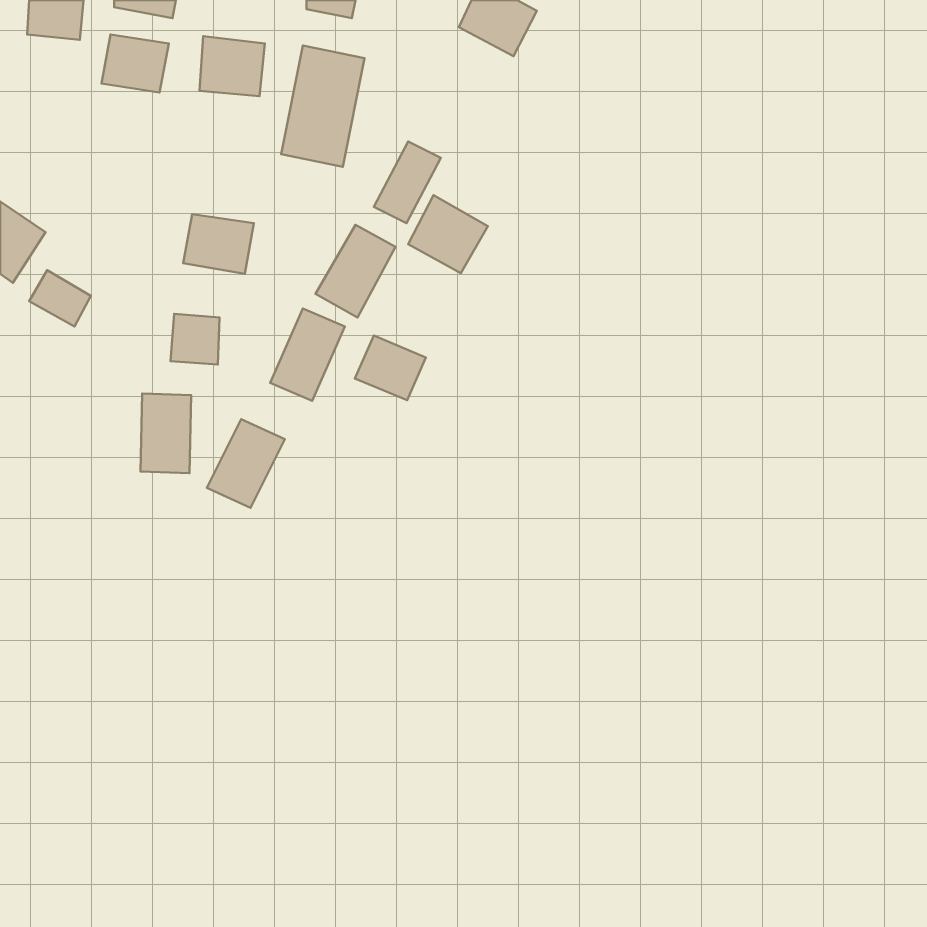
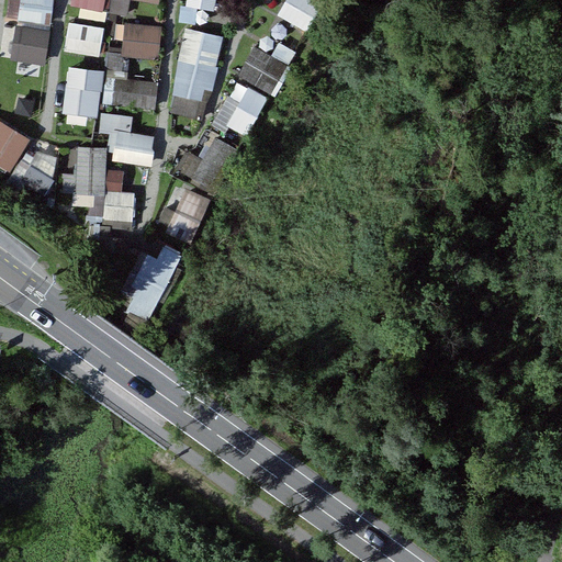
building: none -> [10,25,48,65]
building: none -> [61,66,102,116]
building: none -> [111,78,156,109]
building: [408,195,488,273] -> [237,46,285,93]
building: [355,336,426,400] -> none
building: [140,393,191,473] -> [75,145,105,193]

